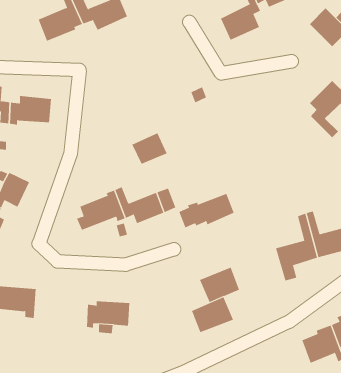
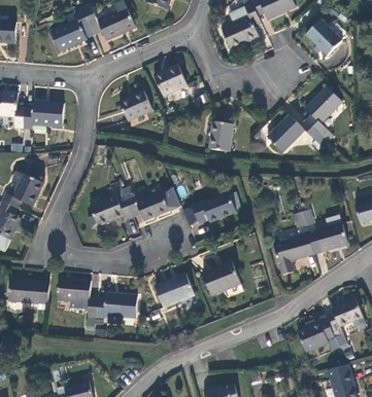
building: none -> [154,65,187,96]
building: none -> [267,114,327,152]
building: none -> [208,120,233,151]
building: [131,133,168,164] -> [119,91,153,120]
building: none -> [58,278,97,318]
building: [191,297,234,333] -> [155,273,195,306]

